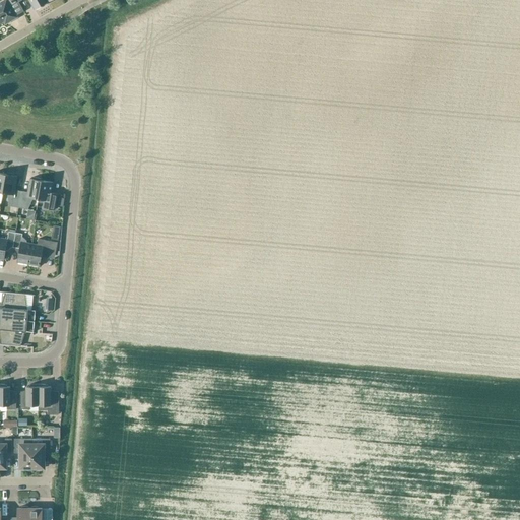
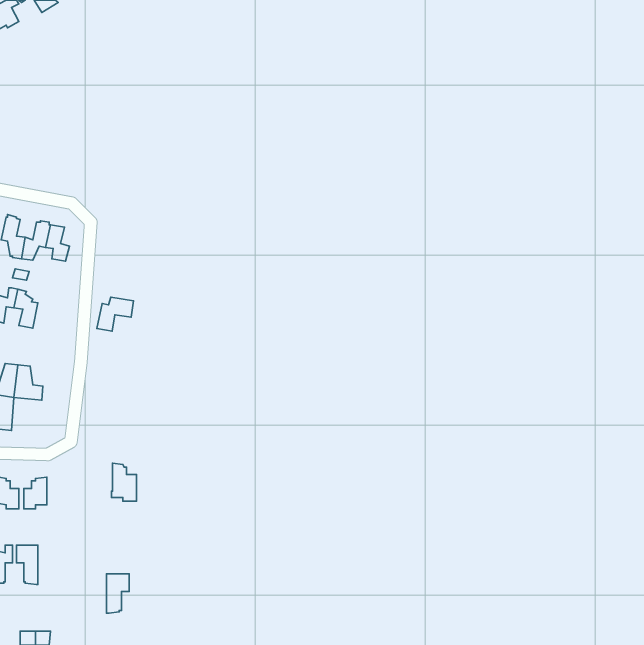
building: [26,239,56,266] -> [97,297,134,331]
building: [9,320,34,346] -> none
building: [37,384,57,414] -> [111,463,137,501]
building: [30,439,49,470] -> [106,574,129,613]

